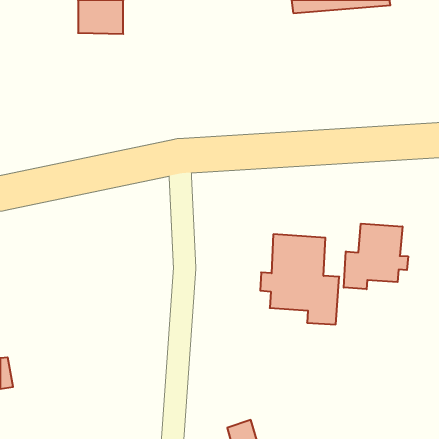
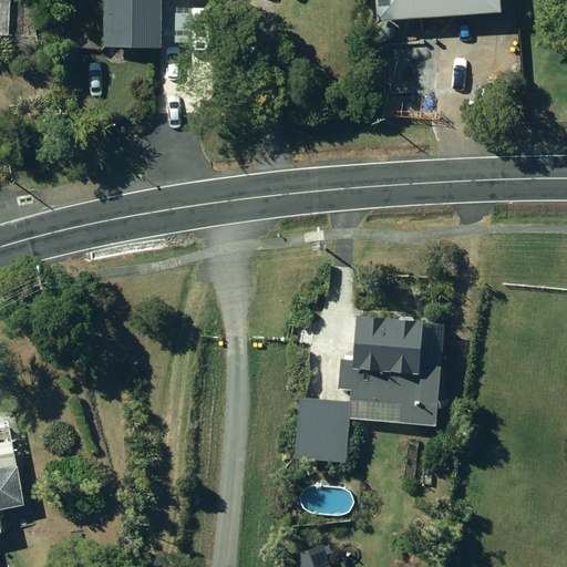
building: [344,224,408,289] -> none
building: none -> [296,395,349,458]

